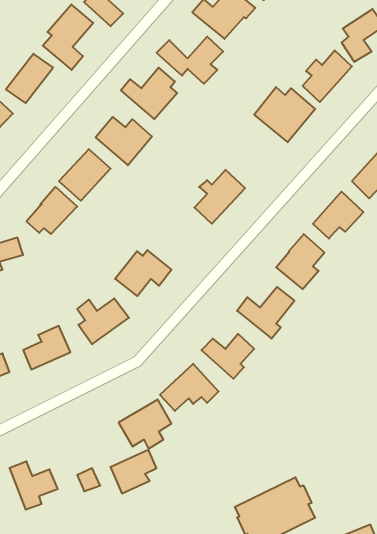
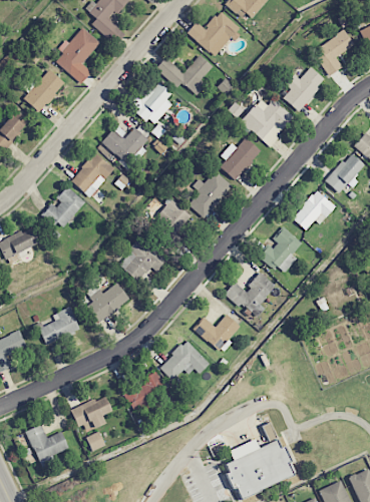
building: none -> [220,137,261,180]
building: none -> [153,198,189,233]
building: [110,450,156,493] -> [72,395,112,433]

